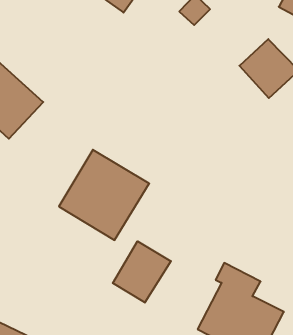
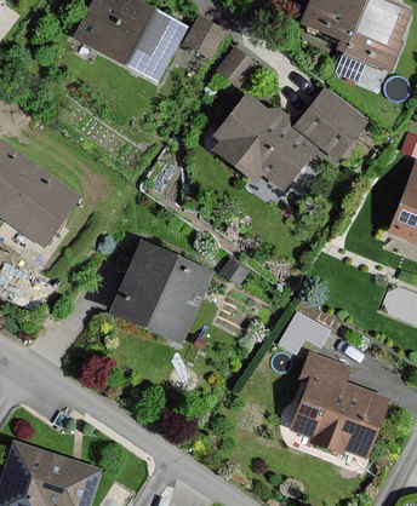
building: none -> [213,94,316,190]
building: [113,241,171,303] -> none

